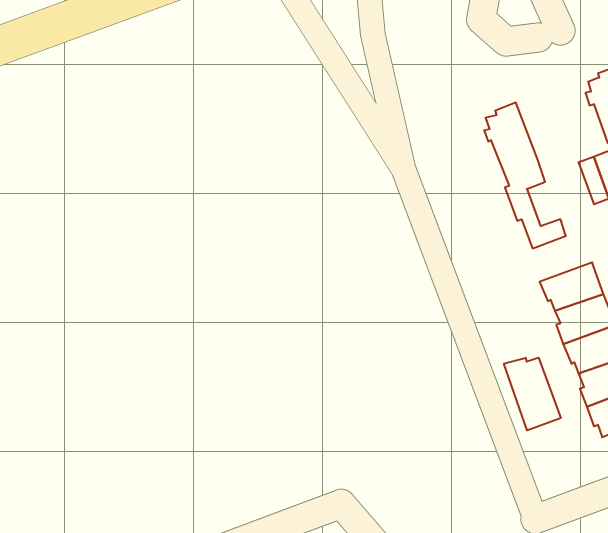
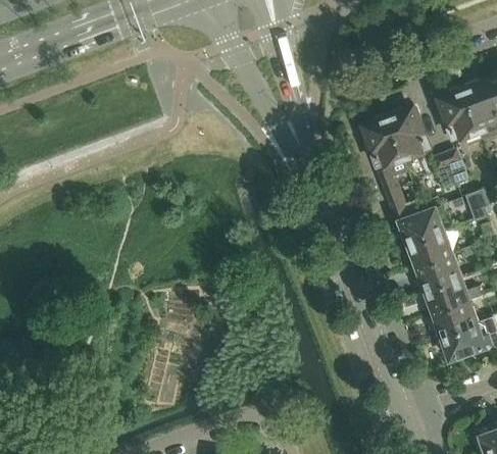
building: none -> [388,108,431,156]
building: none -> [400,207,444,245]
building: [504,358,561,430] -> none

